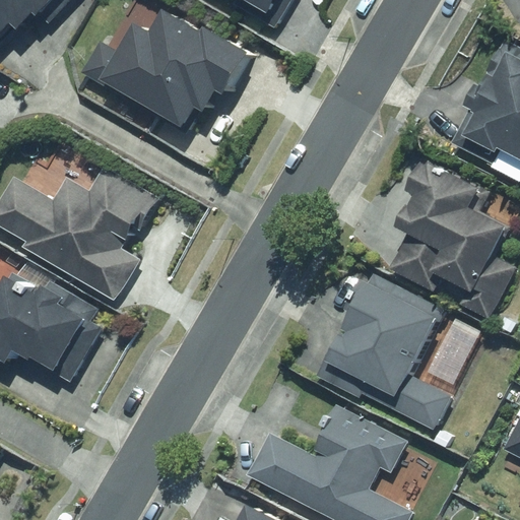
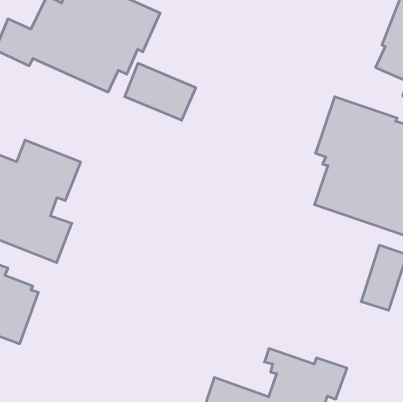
building: none -> [125,63,196,120]
building: [330,277,447,429] -> none

